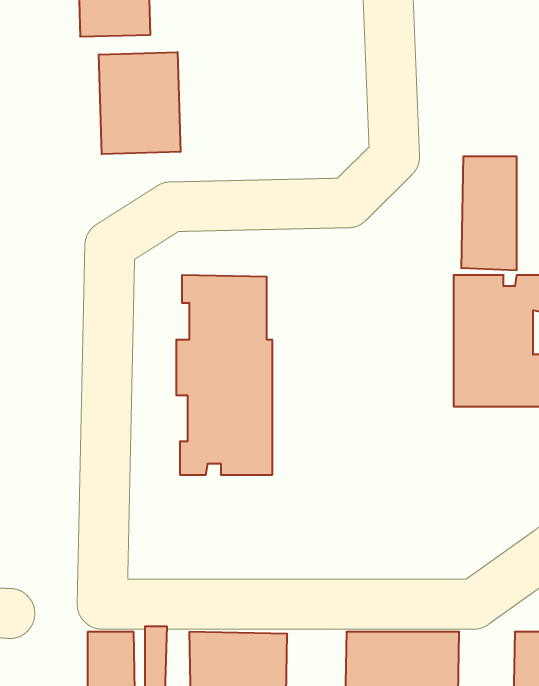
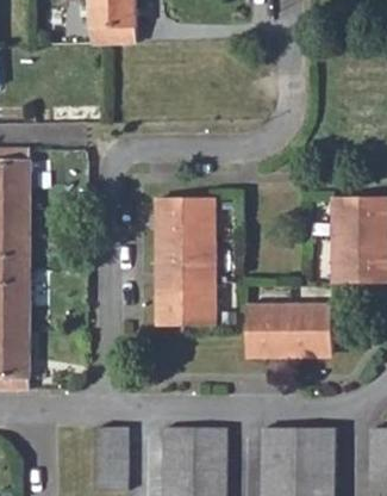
building: [99,52,180,154] -> none
building: [461,156,516,270] -> none
building: none -> [244,304,331,356]

